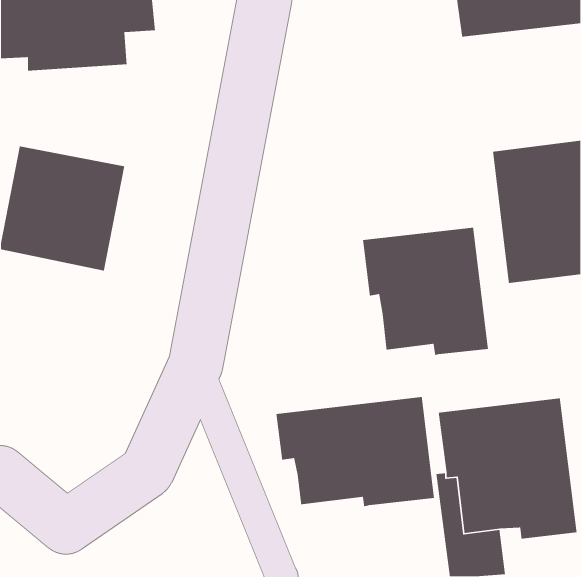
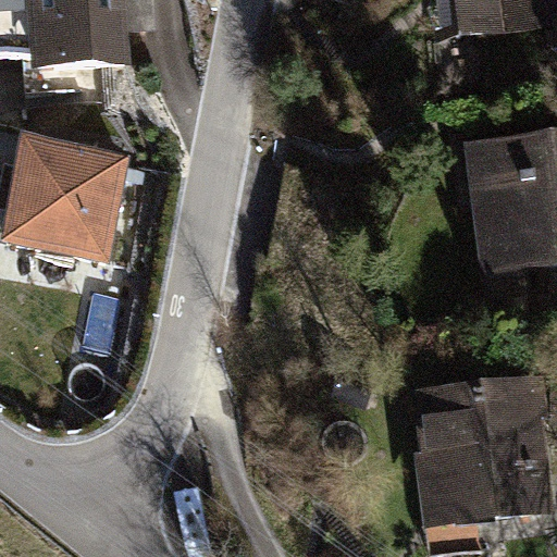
building: [362,227,489,356] -> none
building: [276,396,435,507] -> none

